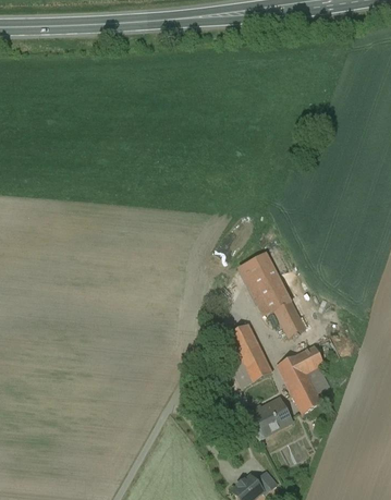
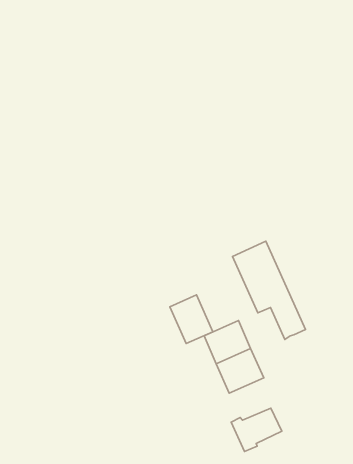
building: none -> [170,295,213,344]
building: [277,345,325,413] -> none

